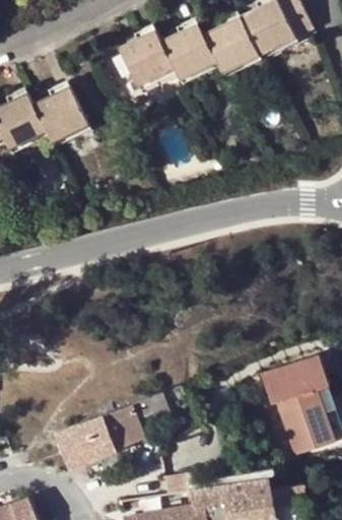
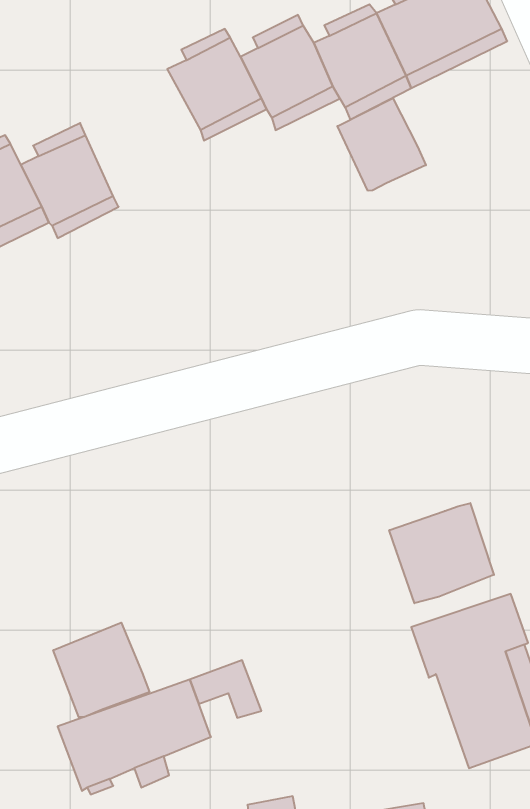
building: none -> [337,98,426,191]
building: none -> [389,503,494,603]
building: none -> [53,623,149,717]

